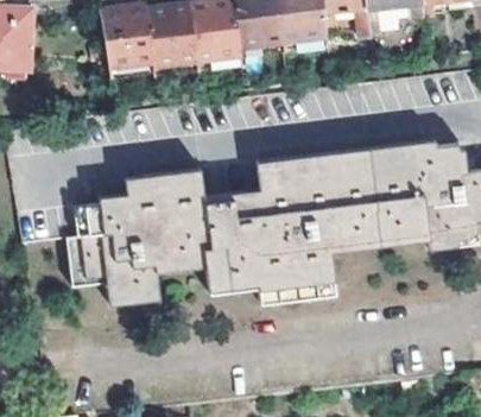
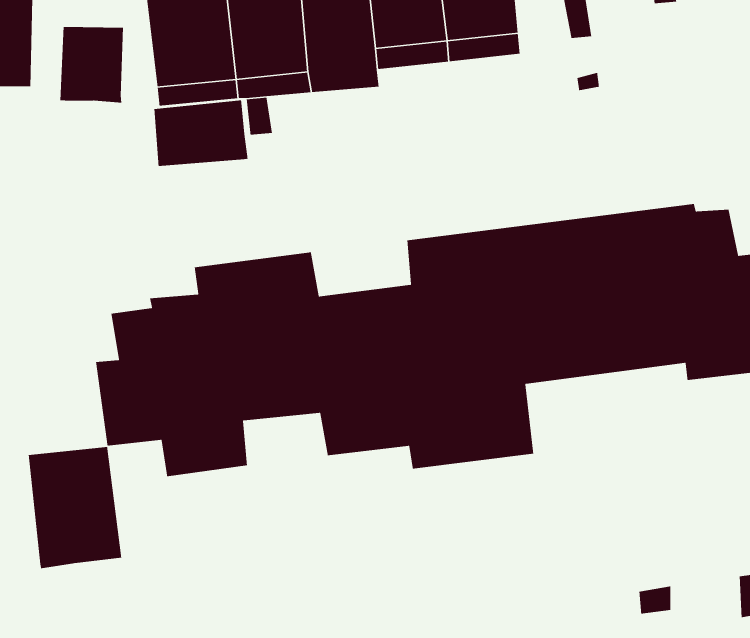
building: none -> [60,26,124,103]
building: none -> [153,100,249,167]
building: none -> [28,446,122,569]

